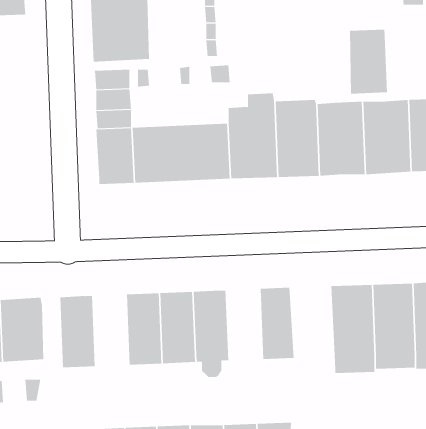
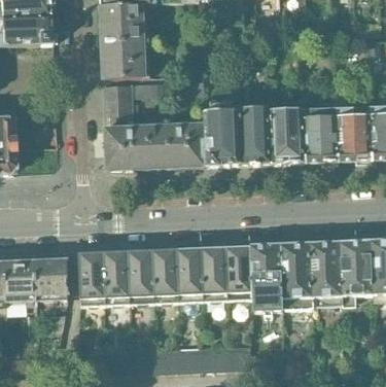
building: [349,29,387,94] -> none
building: none -> [250,244,283,312]
building: none -> [203,246,230,300]
building: none -> [104,250,131,304]

